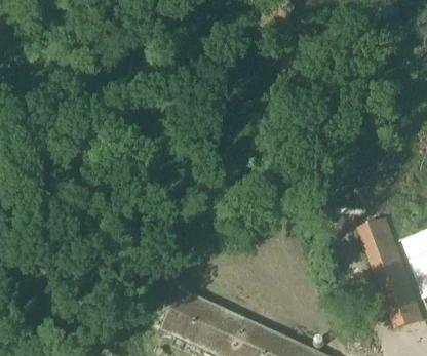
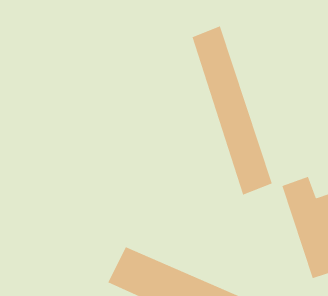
building: none -> [192,25,273,196]

